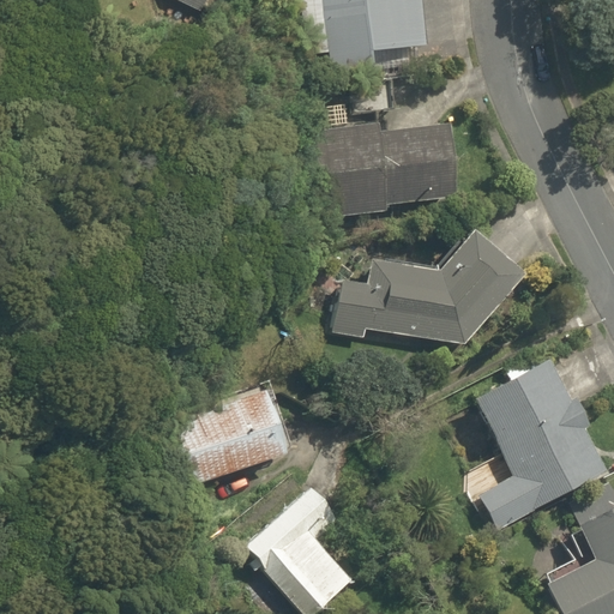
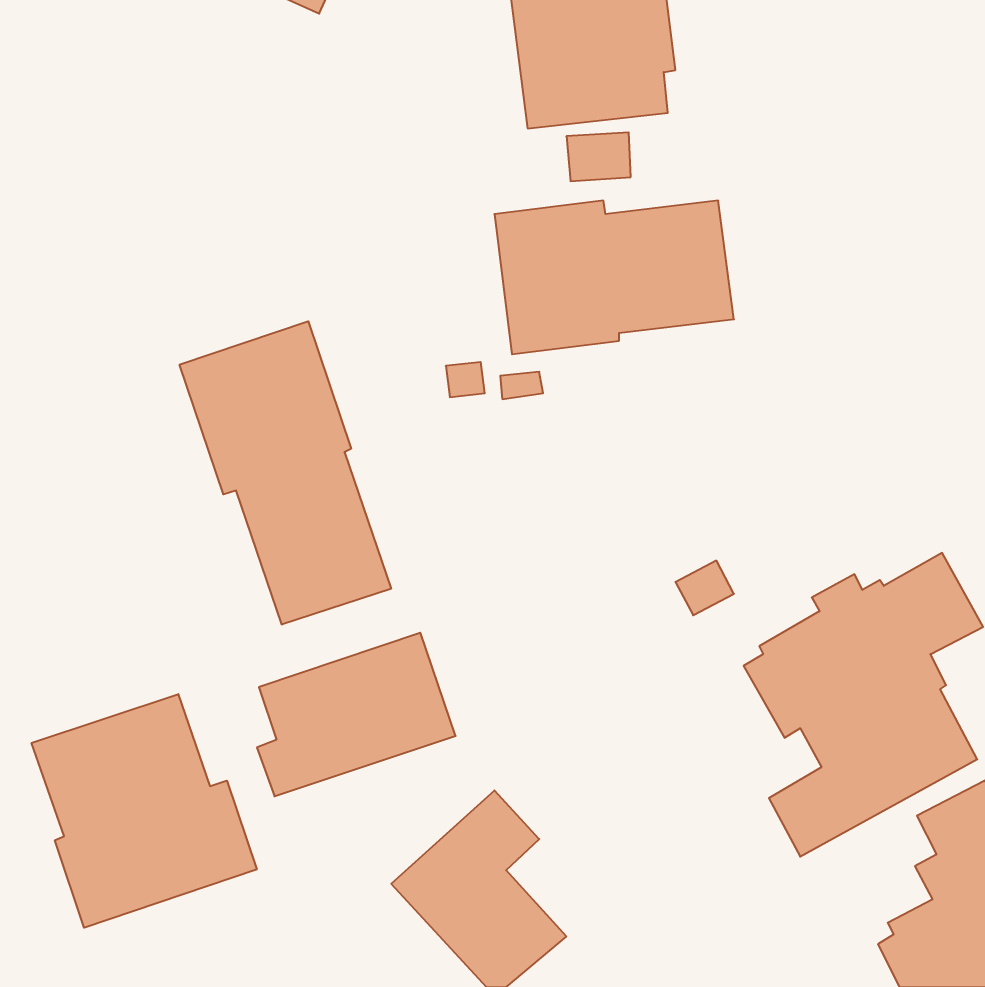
building: none -> [180,321,391,625]
building: [336,229,525,343] -> none
building: none -> [32,694,257,928]

